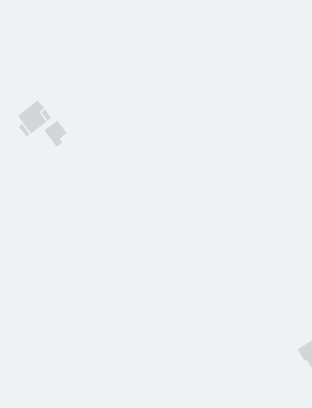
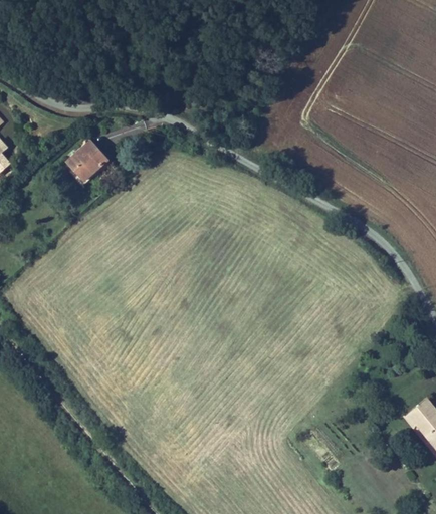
building: [43,119,68,148] -> none

